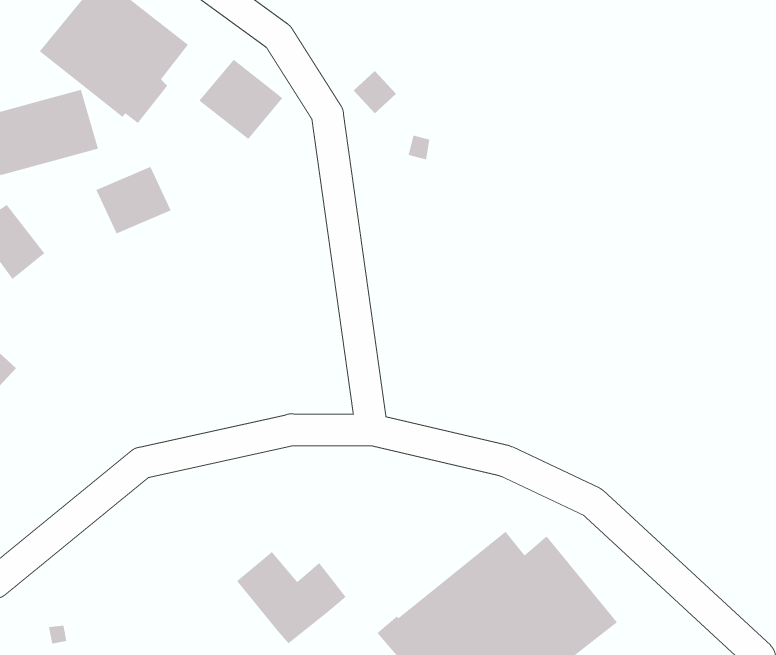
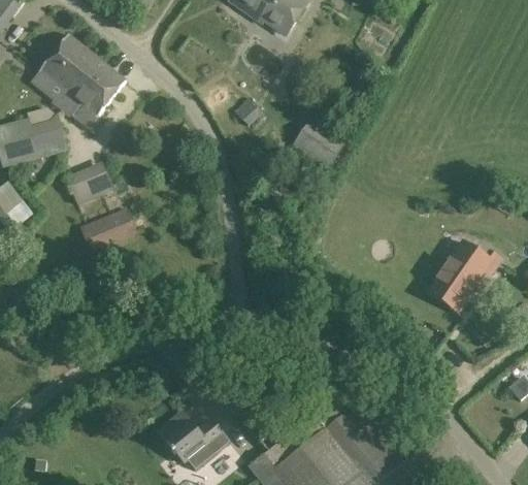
building: [199,59,283,140] -> none
building: none -> [291,118,344,169]
building: none -> [79,207,135,252]
building: none -> [431,250,493,315]

